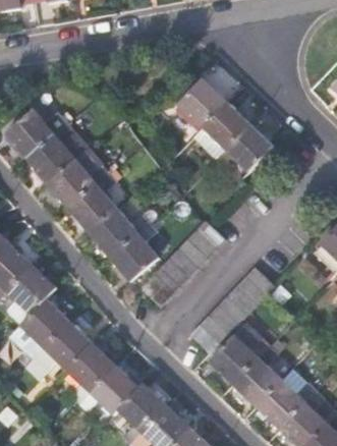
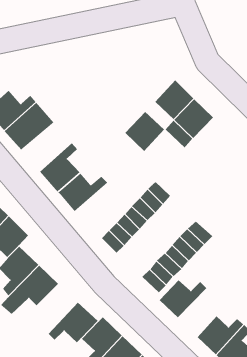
building: [181,77,229,125] -> [124,111,165,152]
building: [47,150,107,208] -> none
building: [110,221,158,280] -> none
building: [65,340,114,399] -> none
building: [232,345,278,403] -> none

